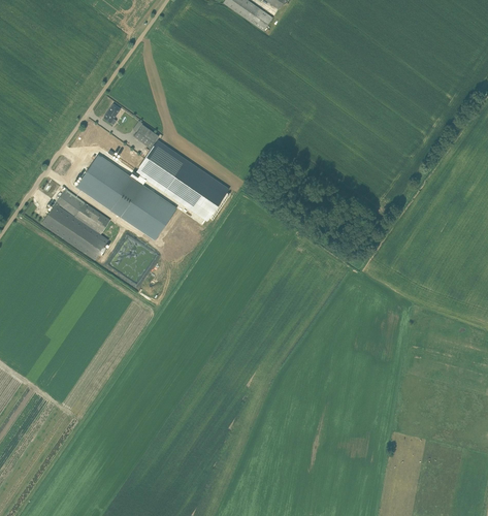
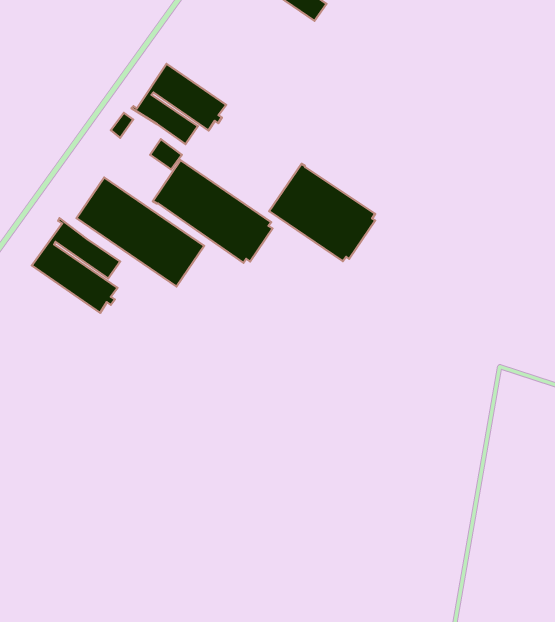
building: none -> [131,64,226,144]
building: none -> [269,164,375,261]

